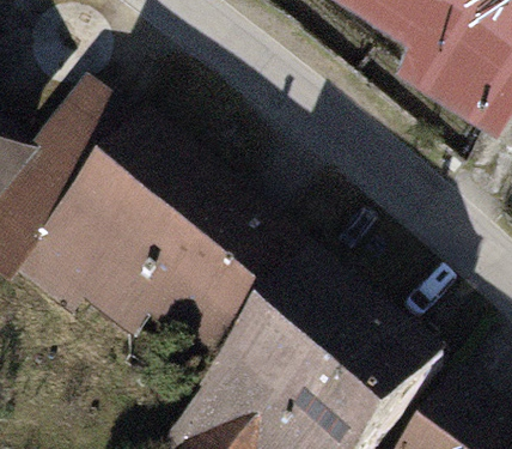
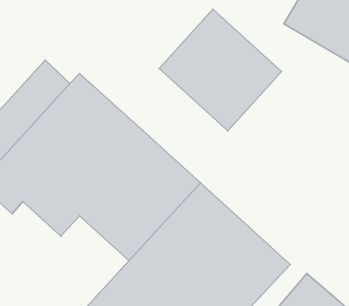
building: none -> [159,9,282,131]

